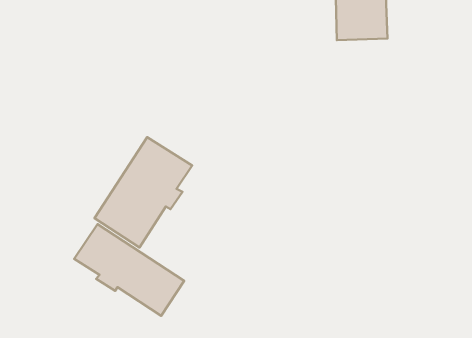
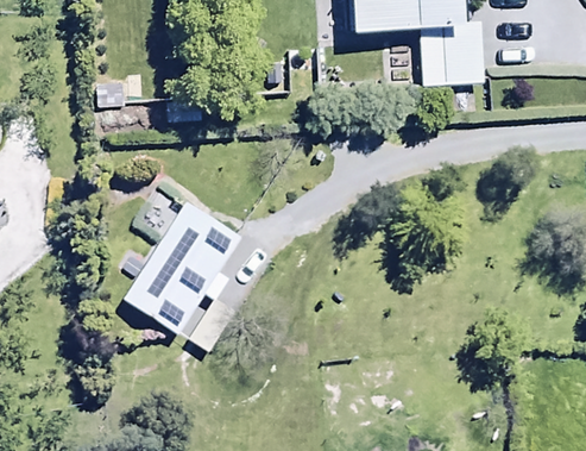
building: [74,224,184,316] -> none

